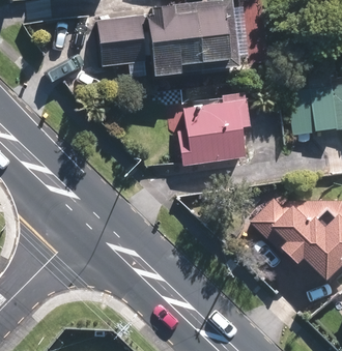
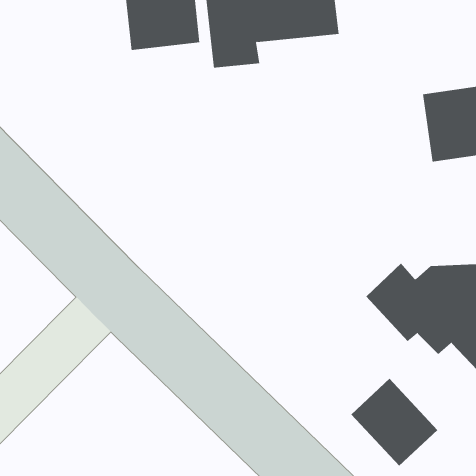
building: [177,97,250,164] -> none
building: none -> [351,378,438,467]

